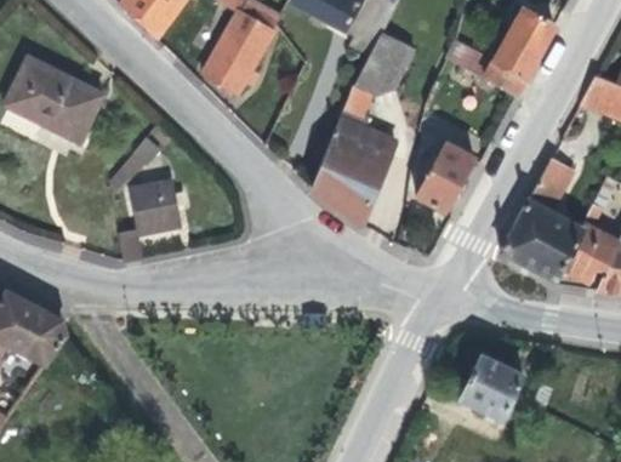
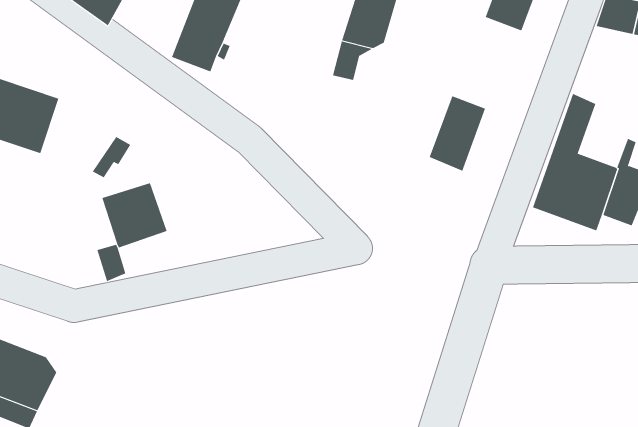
building: [312,120,394,223] -> none
building: [463,355,524,420] -> none

